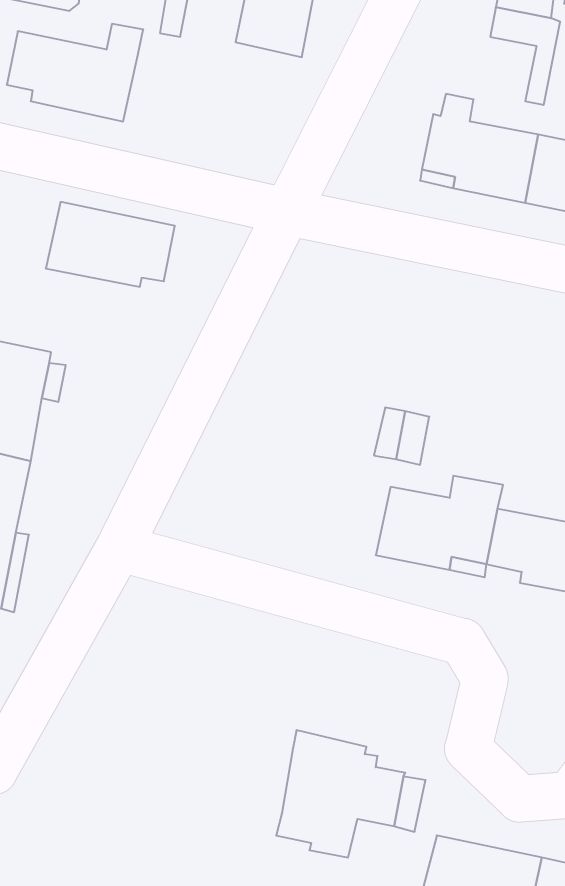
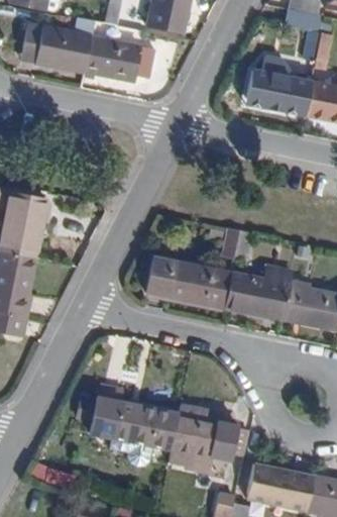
building: [46,202,175,287] -> [84,35,154,82]
building: none -> [144,256,230,309]
building: none -> [88,384,177,468]

